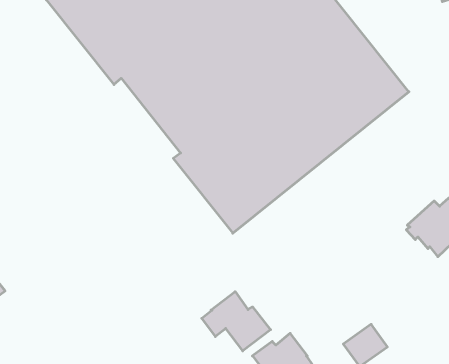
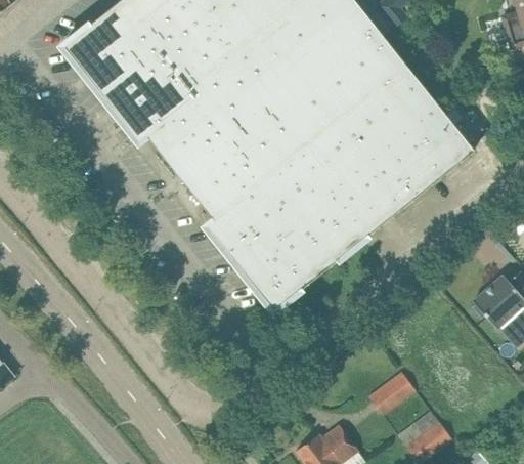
building: none -> [368,373,414,415]
building: [202,292,271,351] -> none

